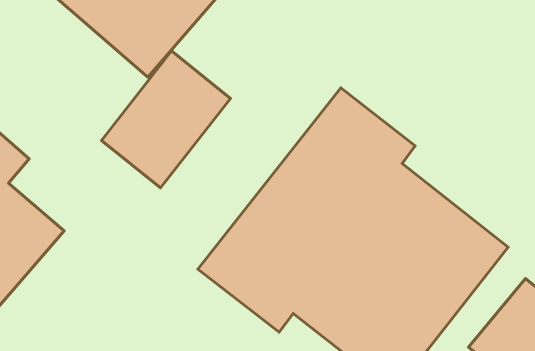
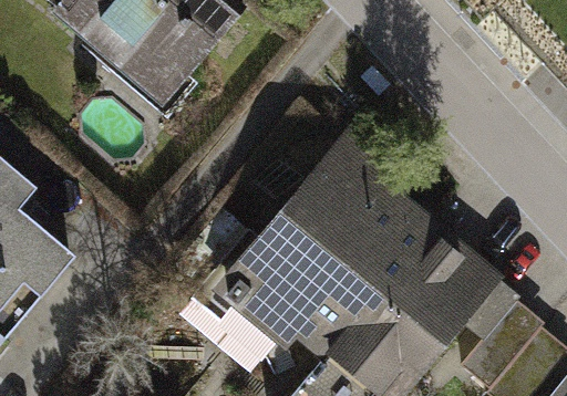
building: [102,51,230,188] -> none

